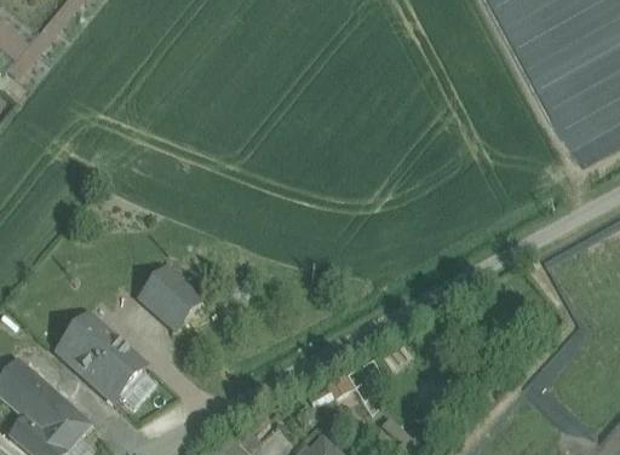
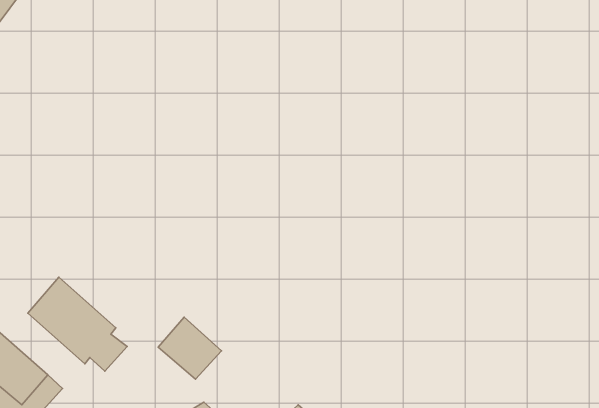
building: [137,267,199,328] -> [158,317,221,379]

